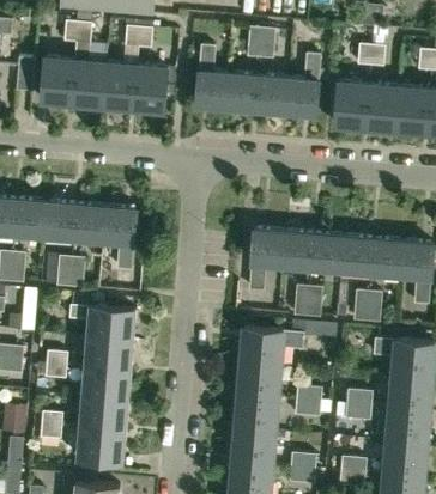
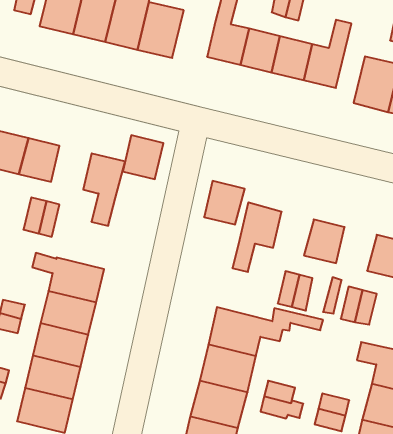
building: [73,206,105,242] -> [123,135,163,179]
building: [281,233,314,269] -> [204,181,245,225]
building: [340,238,373,274] -> none

